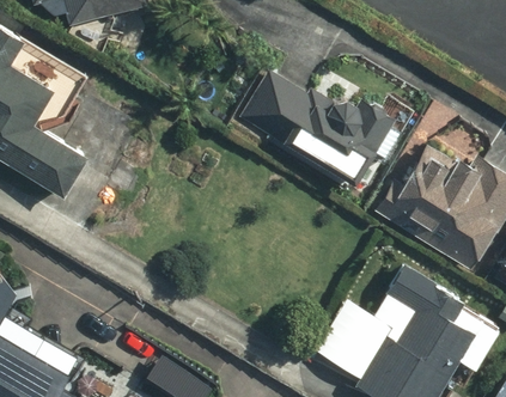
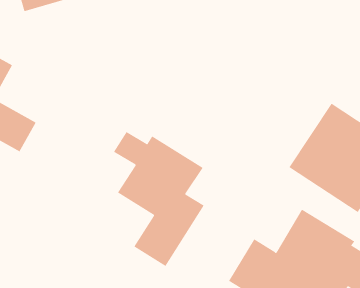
building: [243,75,397,188] -> none
building: none -> [113,131,204,267]

